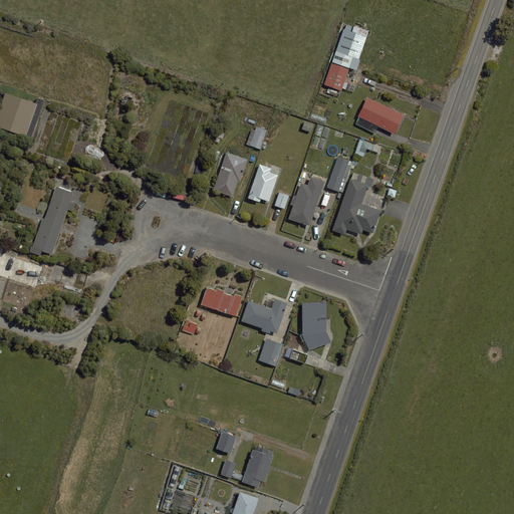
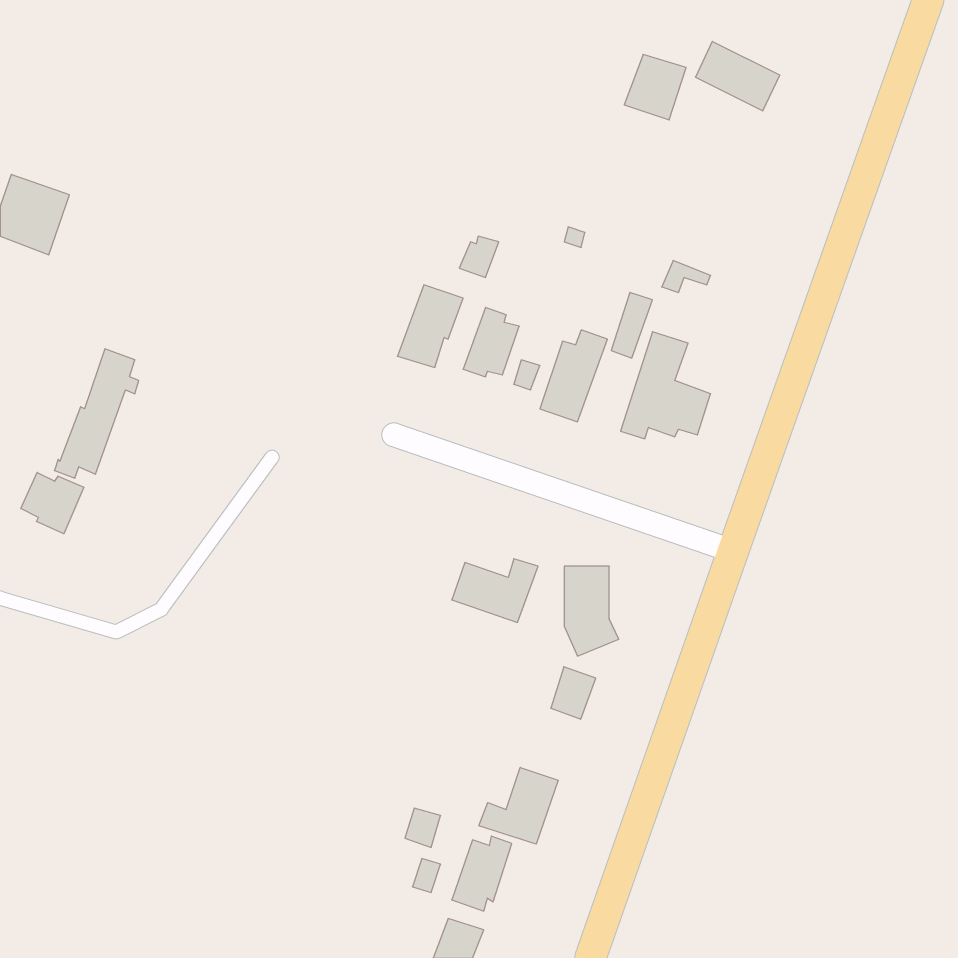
building: [324,62,349,91] -> none
building: [358,97,404,135] -> [695,41,780,111]
building: none -> [21,472,84,534]
building: [201,287,243,317] -> none
building: [259,338,283,366] -> [551,667,596,719]
building: none -> [479,767,558,844]

